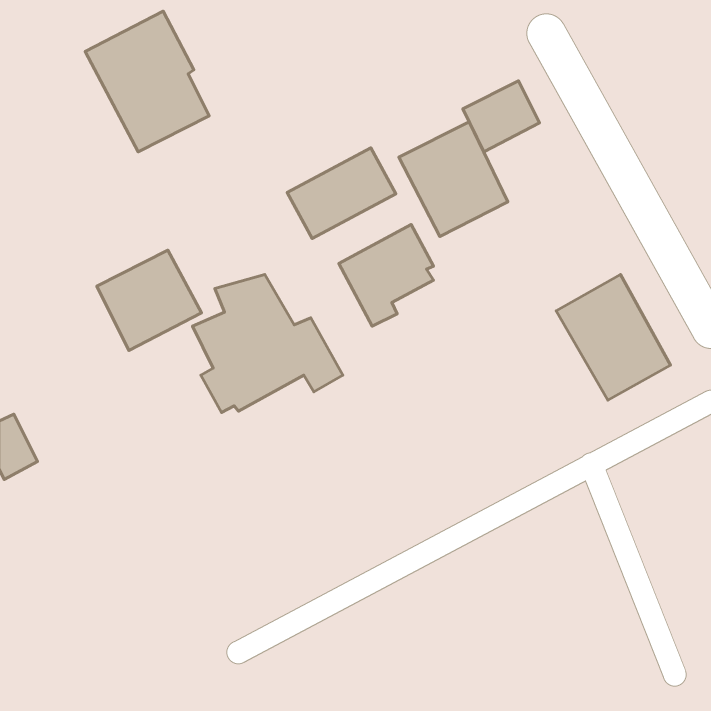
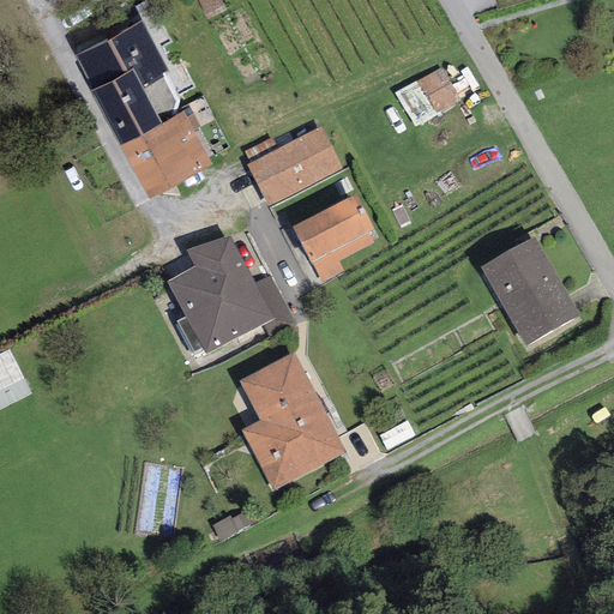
building: [399,122,508,237] -> none
building: [97,250,201,350] -> [119,100,209,186]
building: none -> [237,353,344,489]

